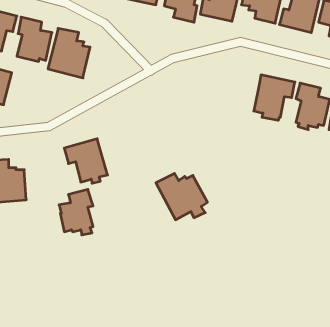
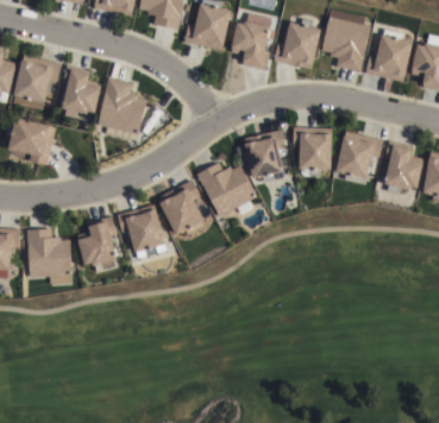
building: none -> [294,126,334,176]
building: none -> [245,130,287,179]
building: none -> [158,179,206,236]
building: [156,173,207,220] -> [197,163,257,216]
building: [59,189,93,235] -> [77,214,117,266]

